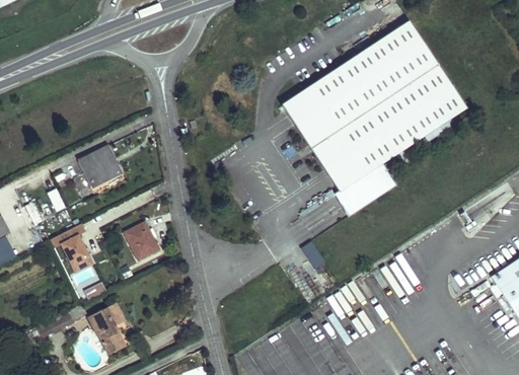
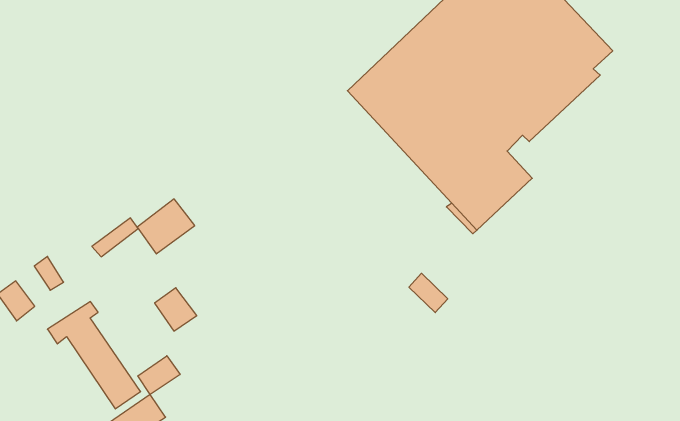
building: [79,149,119,184] -> [137,199,195,254]
building: none -> [138,356,180,394]

